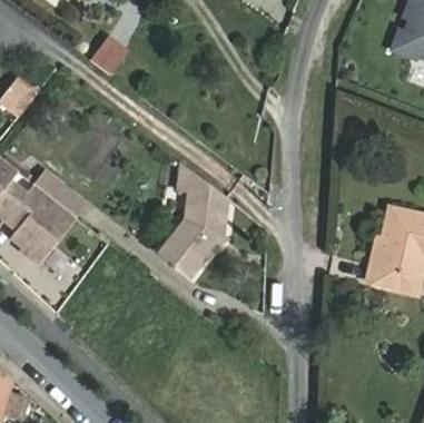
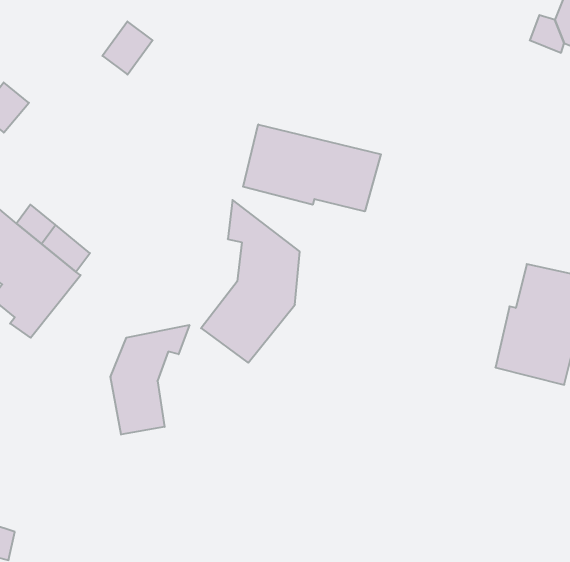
building: none -> [243,124,381,211]
building: none -> [111,325,189,435]

